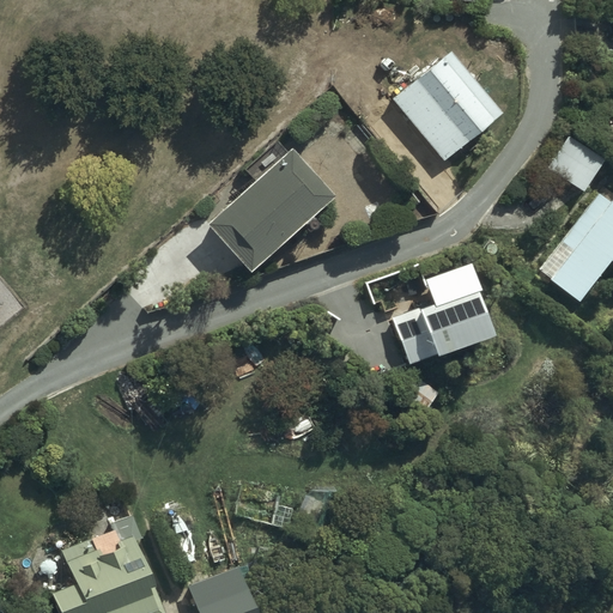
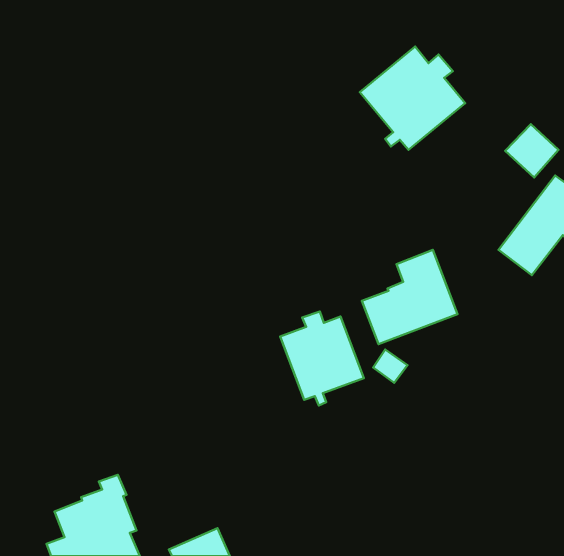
building: [204,147,334,274] -> none
building: none -> [280,311,364,406]

